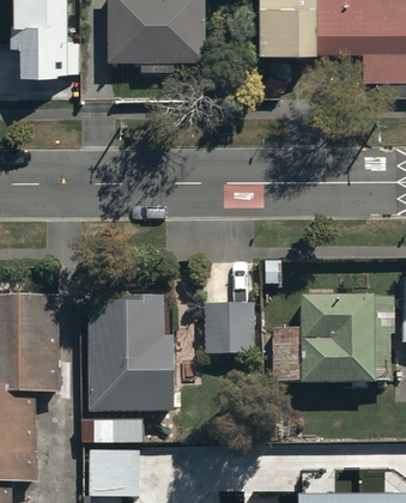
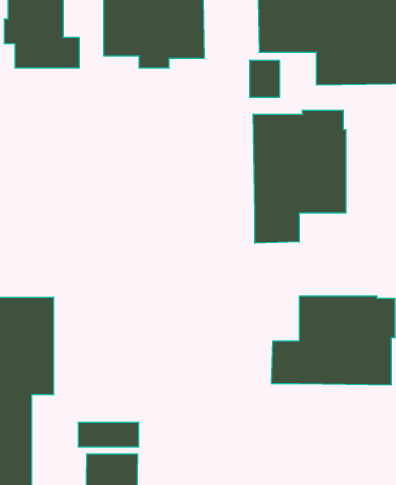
building: none -> [253,110,346,243]
building: [87,291,174,412] -> none
building: [204,302,256,354] -> none

